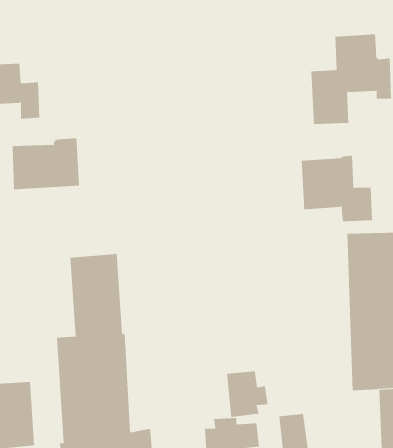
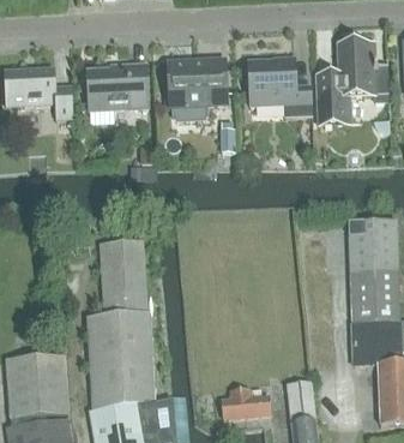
building: none -> [168,60,228,120]
building: [12,138,80,190] -> [88,62,149,109]
building: [301,155,373,222] -> [248,55,313,115]
building: [226,371,268,418] -> none

